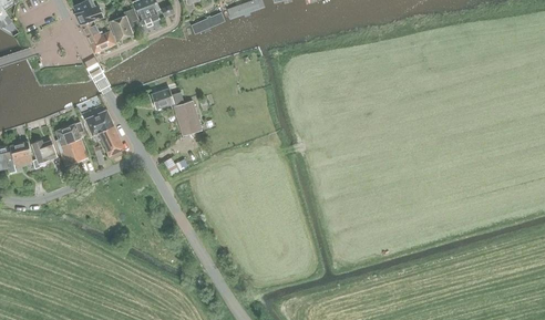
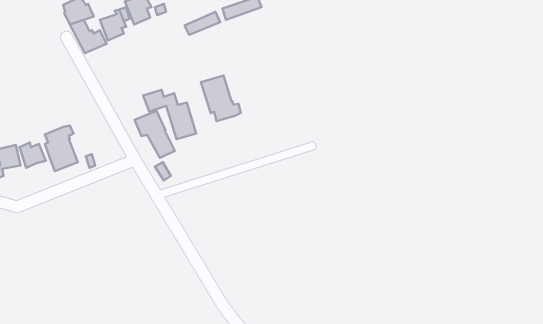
building: none -> [201,75,241,121]
building: [85,110,124,155] -> [135,111,175,158]

